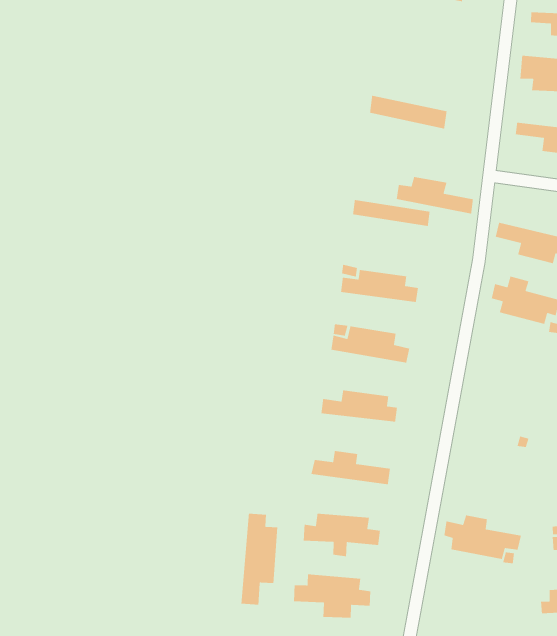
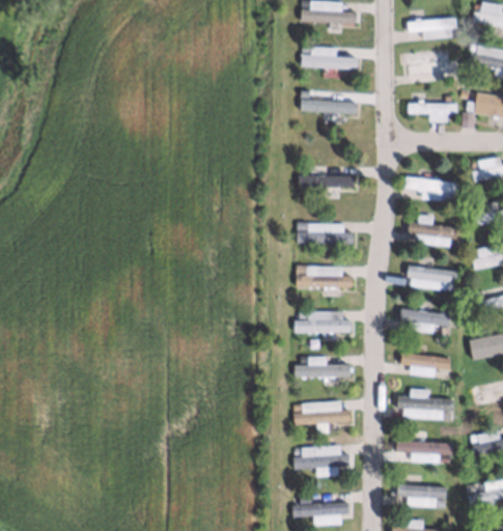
building: [396,176,474,214] -> [303,46,359,67]
building: none -> [407,266,456,290]
building: none -> [399,308,449,333]
building: none -> [400,353,450,376]
building: [240,513,278,606] -> none
building: none -> [395,441,452,464]

